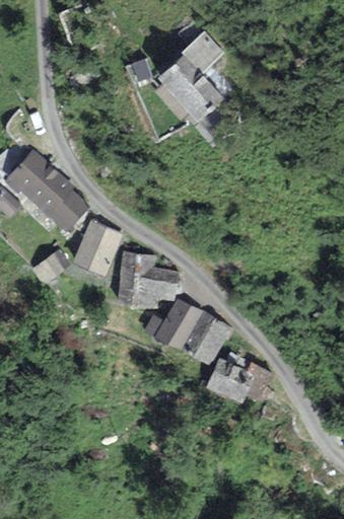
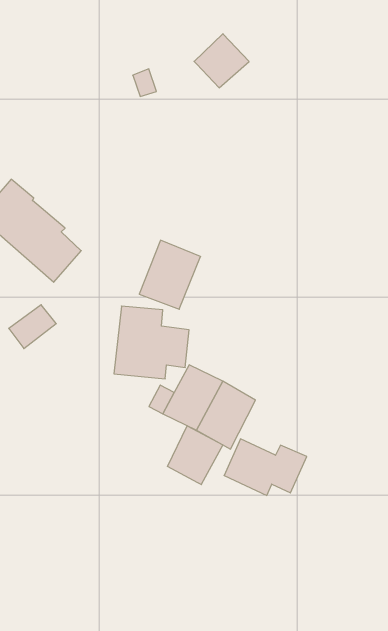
building: [156,55,223,122] -> none
building: [73,219,123,275] -> [139,240,201,309]
building: none -> [167,426,223,485]

